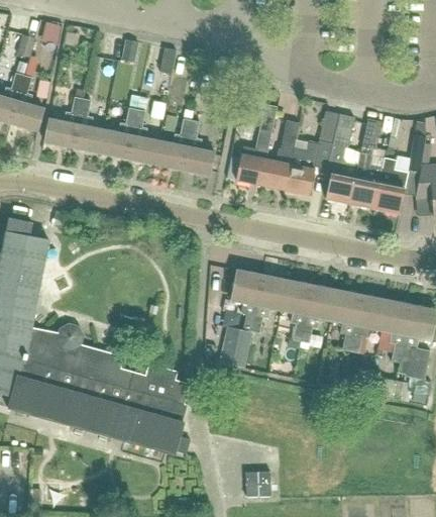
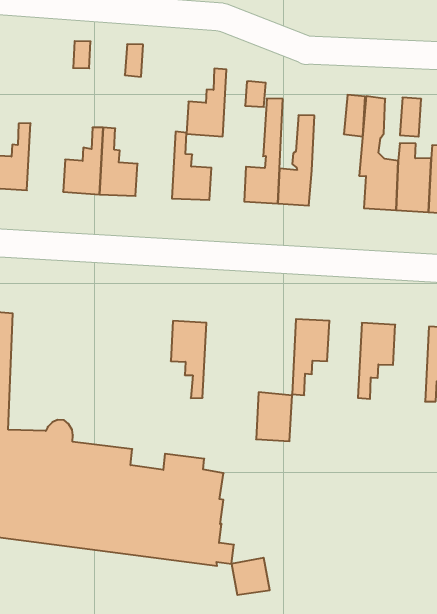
building: [73,97,105,152] -> none
building: [154,117,192,170] -> [186,69,226,136]
building: [285,141,320,195] -> none
building: [231,270,262,331] -> [171,321,206,398]
building: [282,280,312,341] -> none
building: [331,290,362,351] -> none
building: [244,471,270,496] -> [231,558,270,595]

